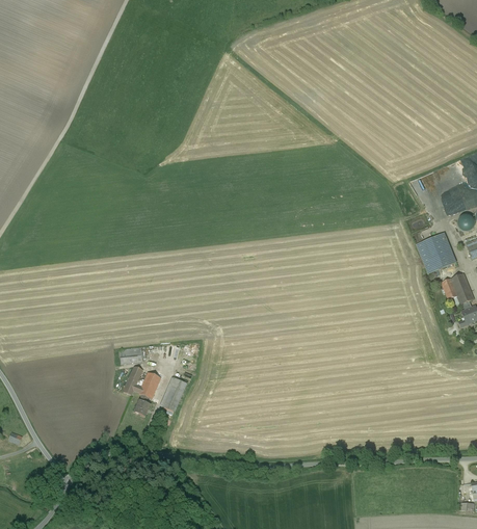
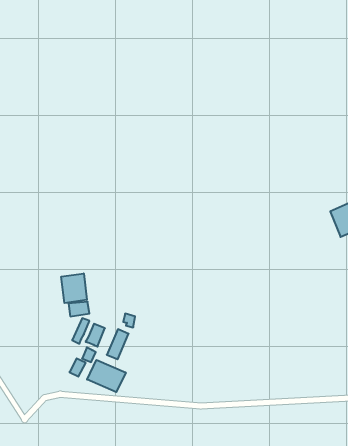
building: none -> [61,273,87,303]
building: none -> [87,360,126,392]

